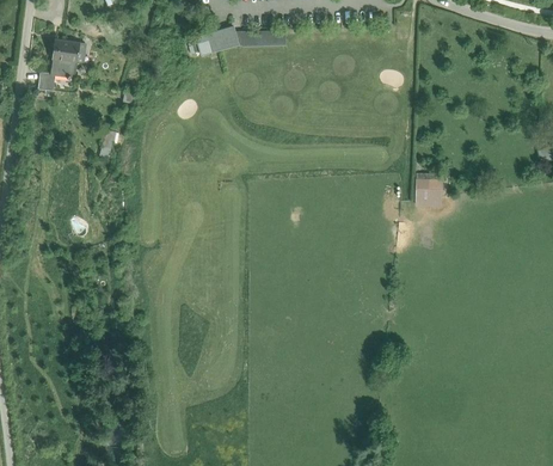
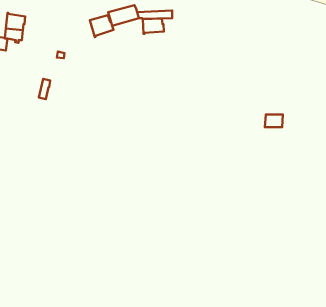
building: none -> [90,15,113,37]
building: none -> [143,18,164,34]

